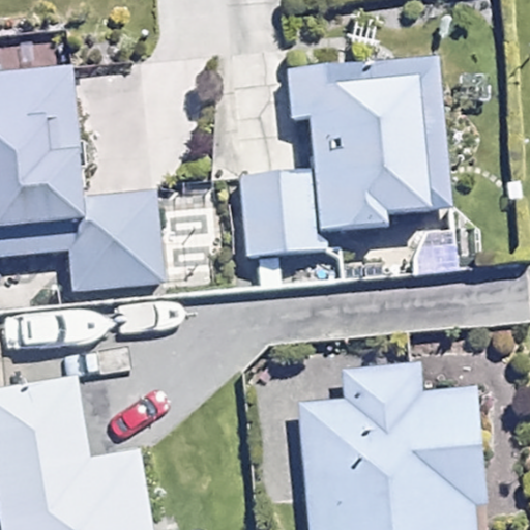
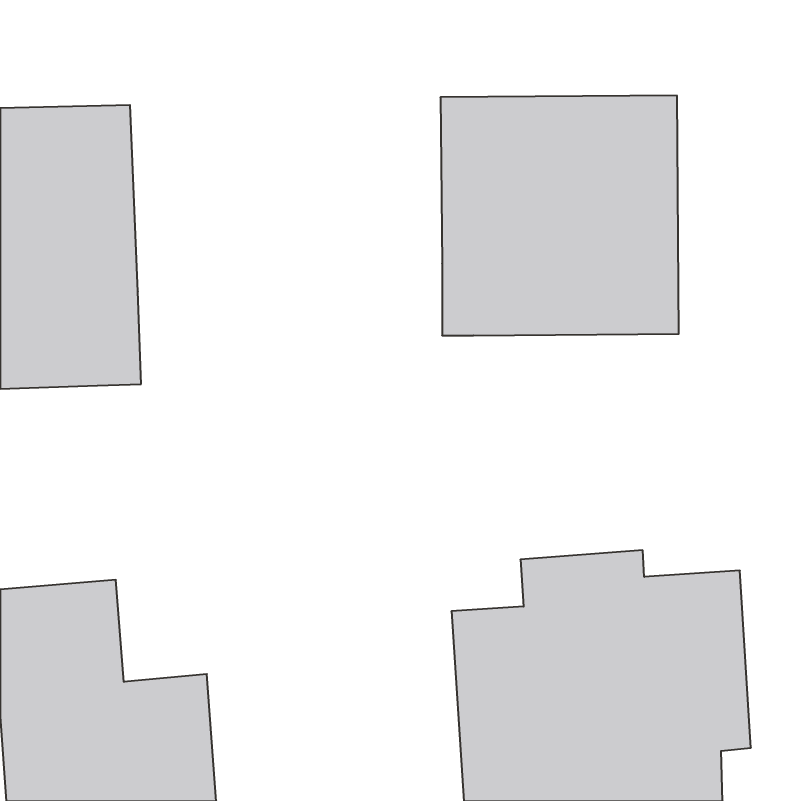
building: [219,174,313,257] -> none
building: [64,190,154,287] -> none

